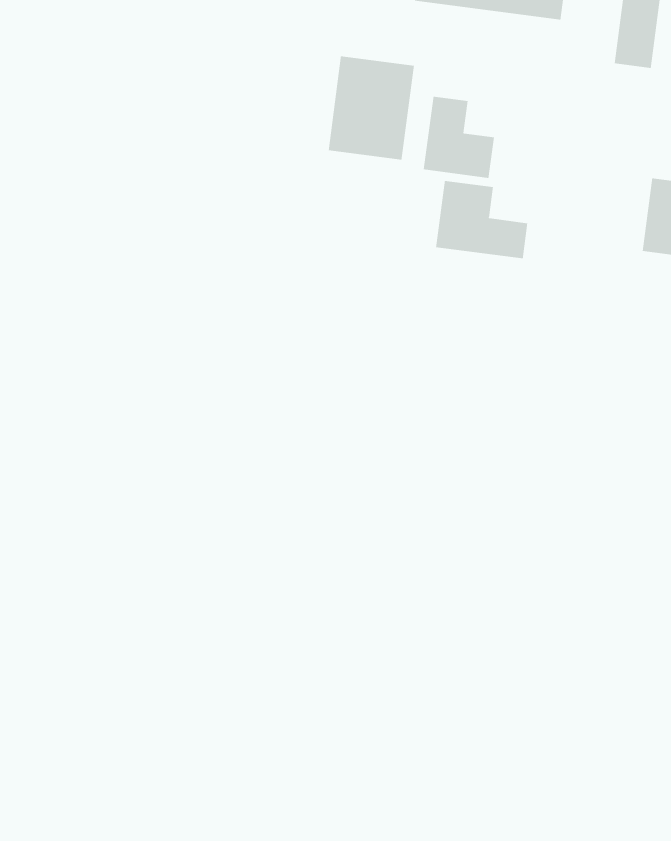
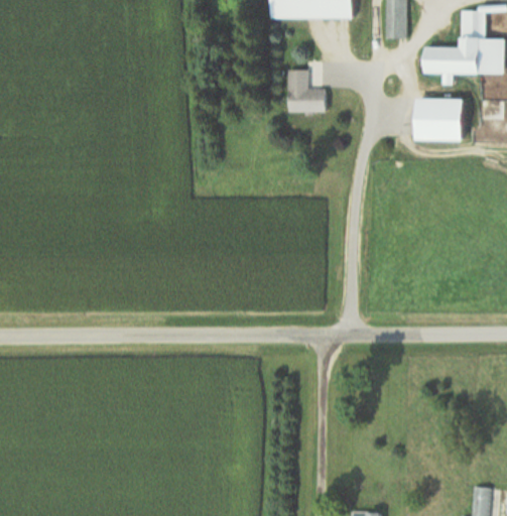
building: [328,56,414,160] -> none
building: [435,180,528,259] -> none

